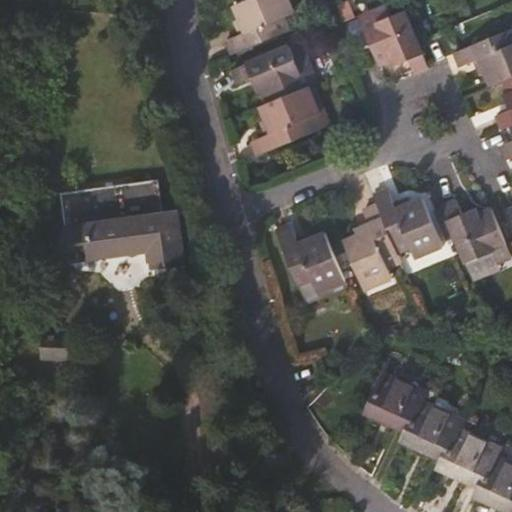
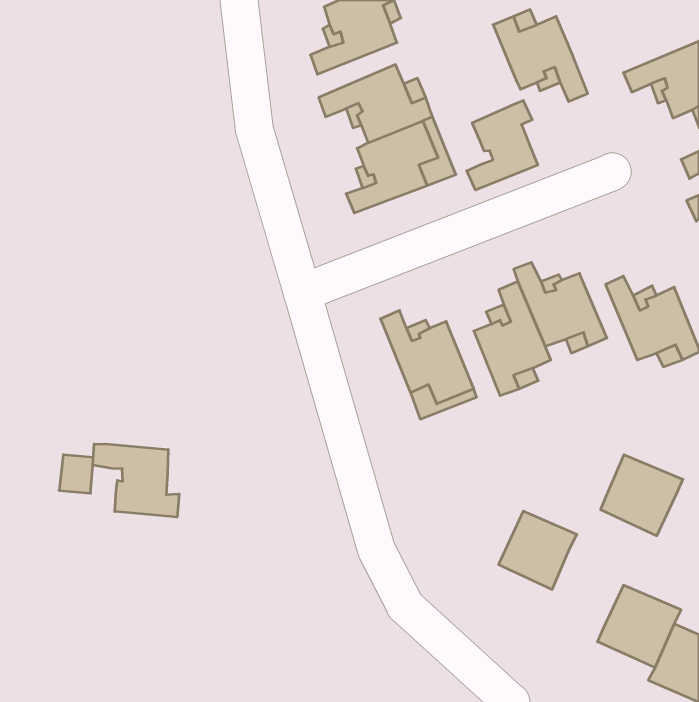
building: none -> [467,100,538,190]
building: [64,181,185,262] -> none
building: none -> [93,444,179,517]
building: [398,399,458,458] -> [601,455,683,536]

